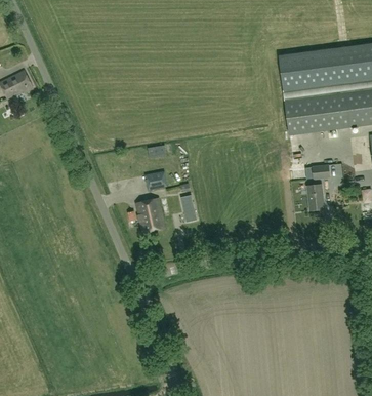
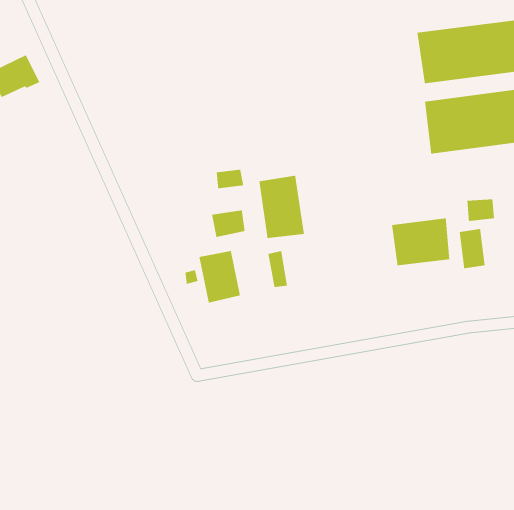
building: none -> [258,175,305,239]
building: none -> [391,217,450,266]

